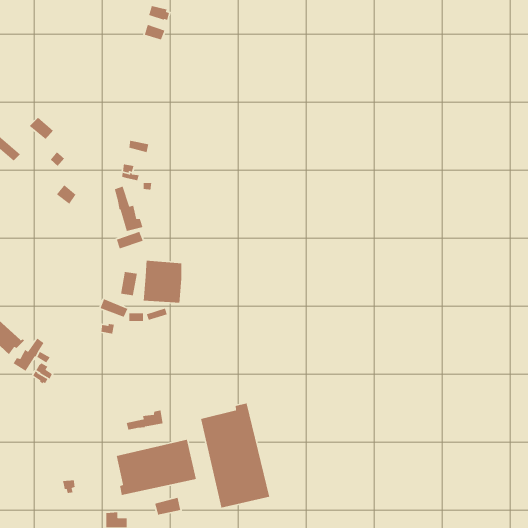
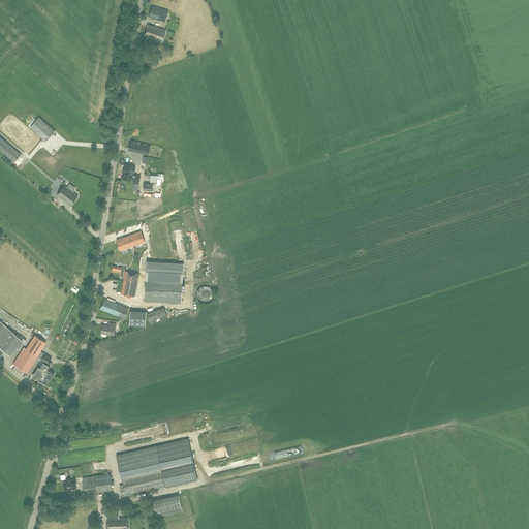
building: [114,186,143,232] -> none
building: [200,402,270,508] -> none
building: [126,409,163,430] -> none
building: none -> [81,473,112,491]

